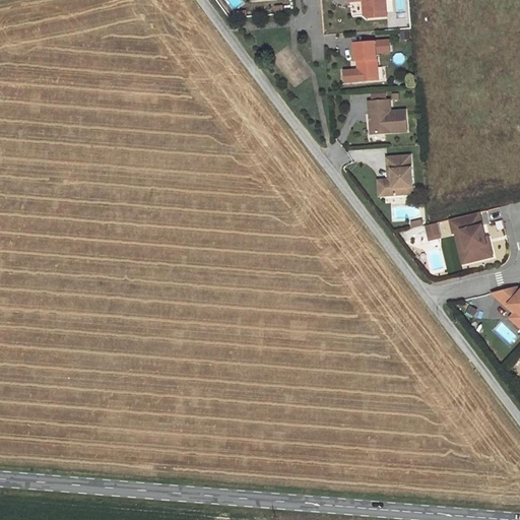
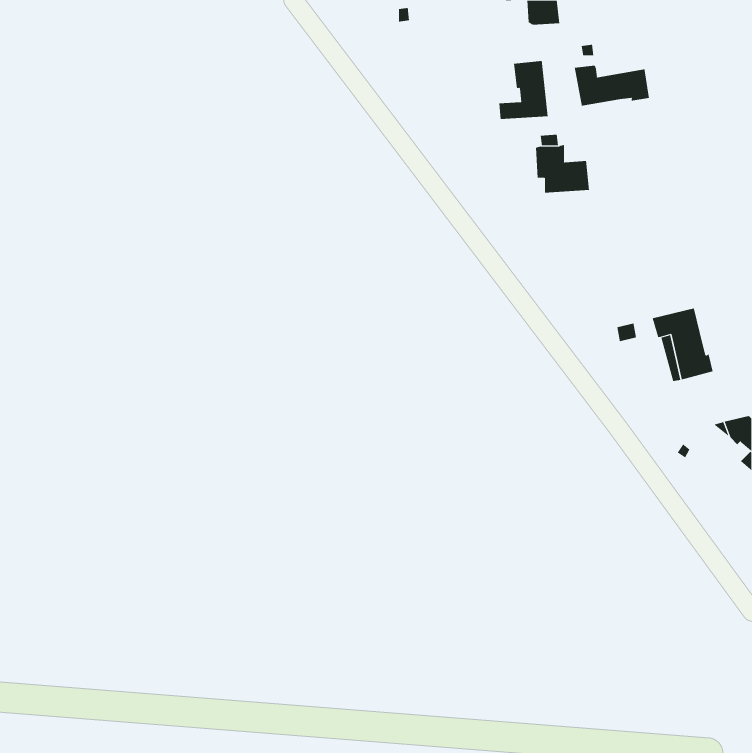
building: none -> [574,65,650,106]
building: [382,155,412,195] -> none

